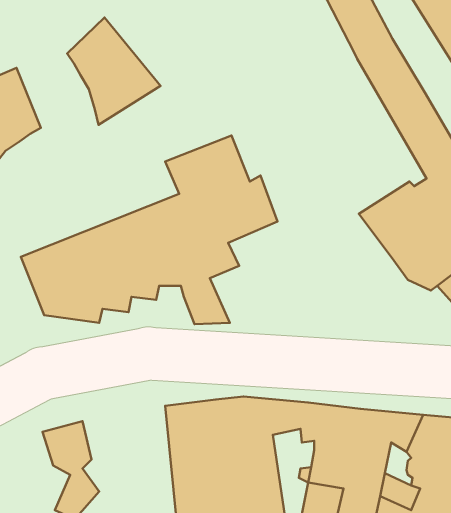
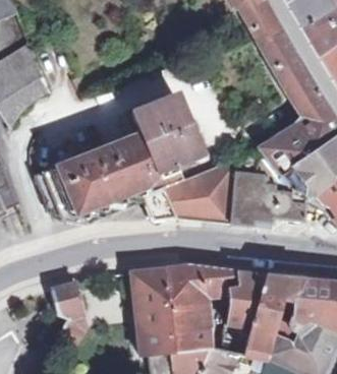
building: [67,17,161,125] -> none
building: none -> [160,148,301,225]

